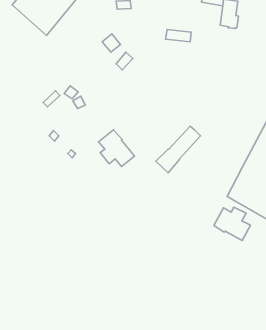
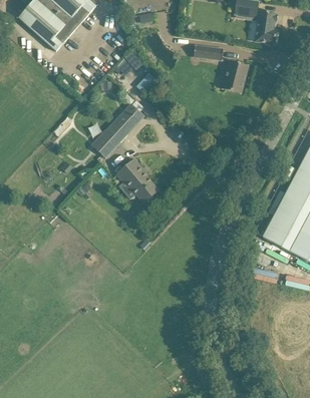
building: none -> [222,61,248,94]
building: [156,126,201,173] -> [91,105,142,158]
building: [214,207,251,241] -> none

